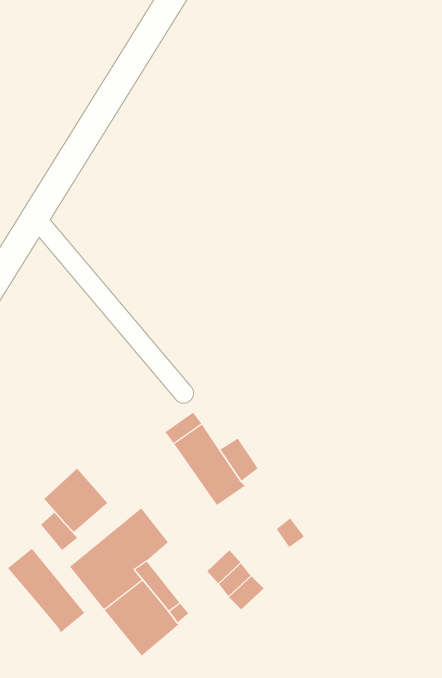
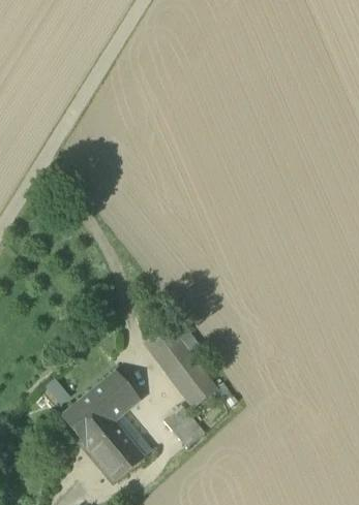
building: [43,468,108,533] -> none
building: none -> [170,359,210,402]
building: [7,548,85,633] -> none

